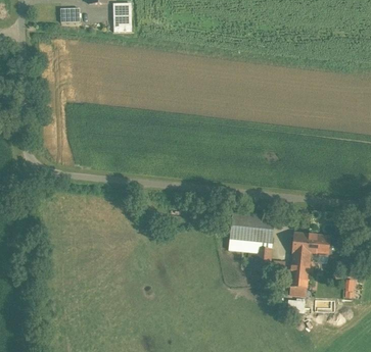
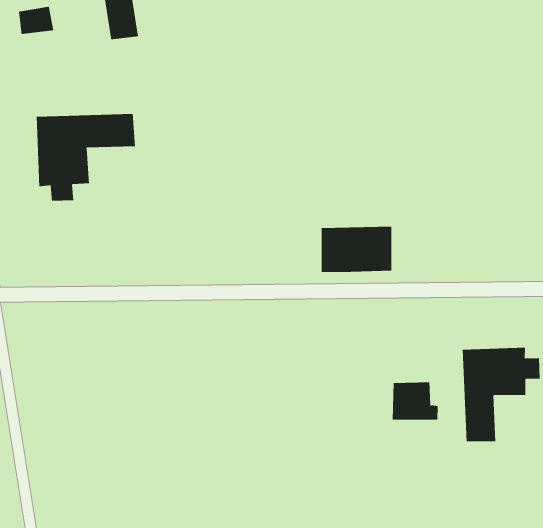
building: none -> [36,113,136,202]
building: [231,212,275,242] -> [321,226,392,272]

